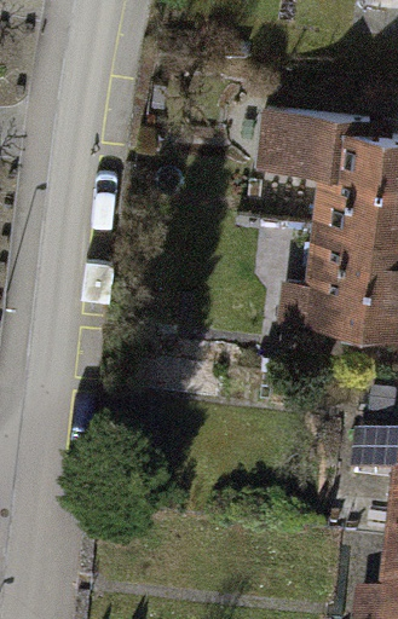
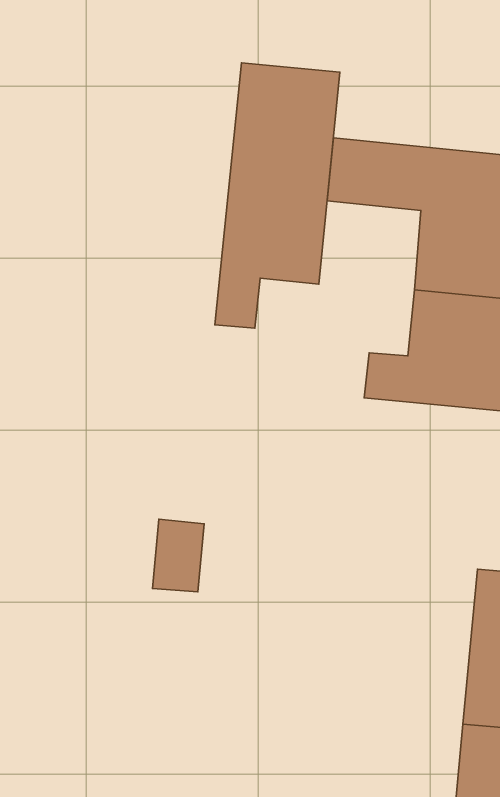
building: none -> [215,63,340,328]

